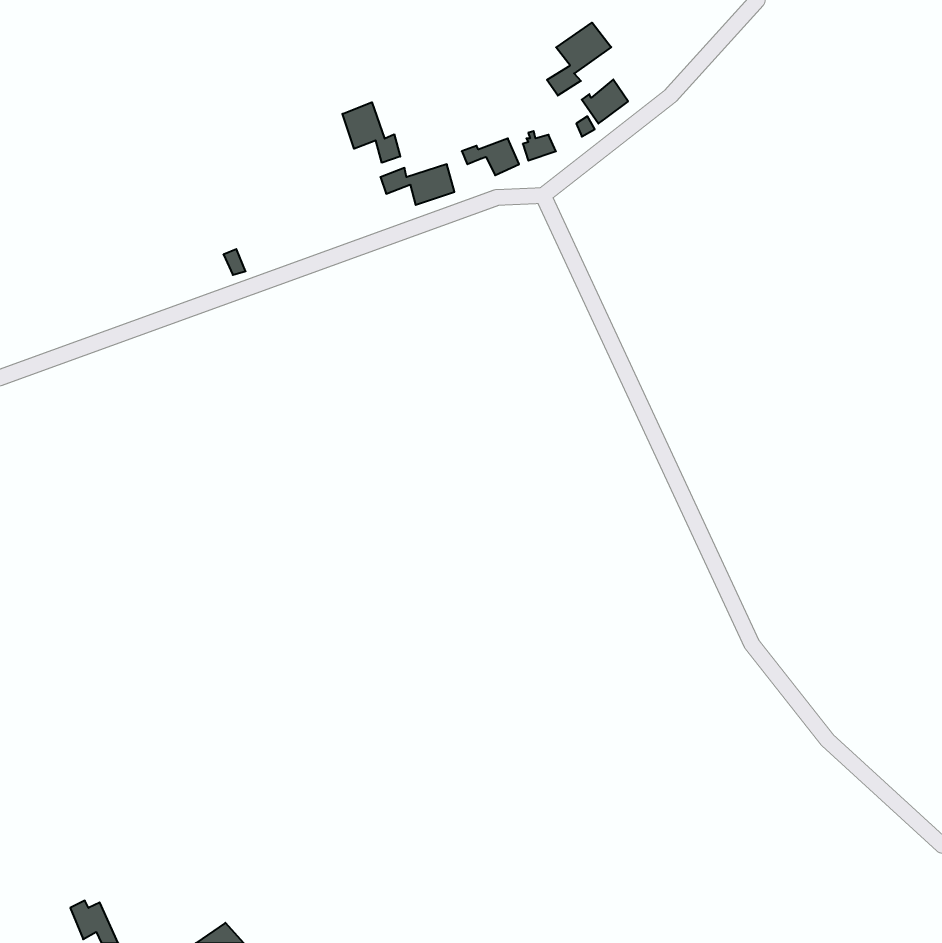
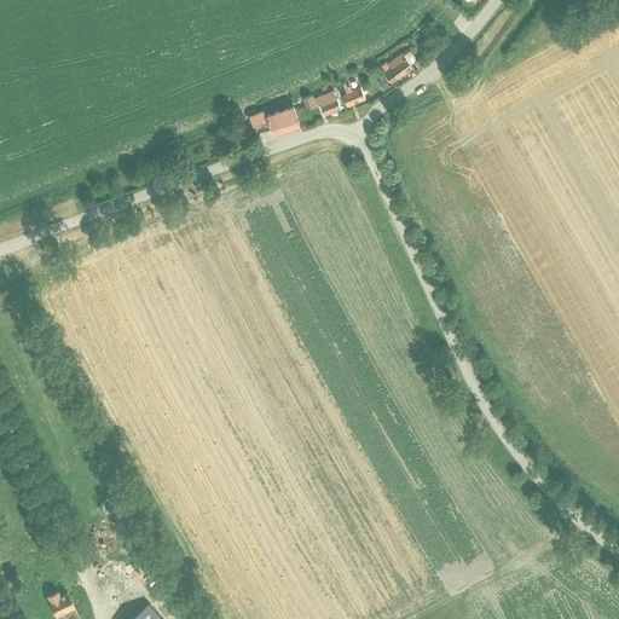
building: [547,23,611,96] -> none
building: [342,102,400,163] -> none

